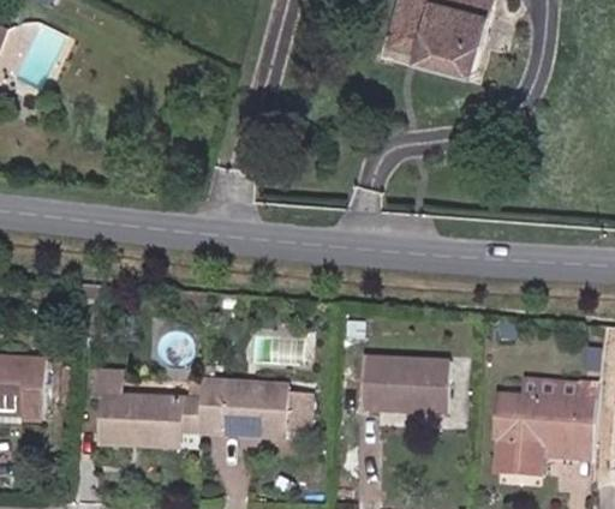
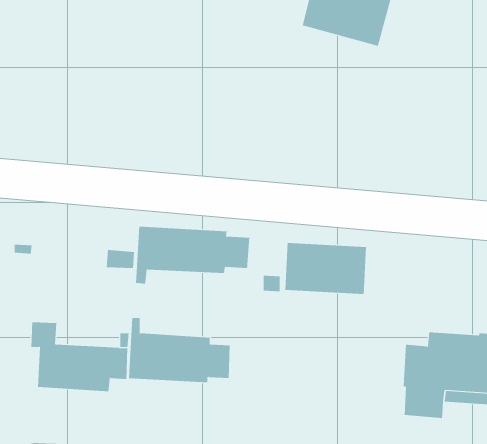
building: none -> [136,226,250,285]
building: [358,358,447,414] -> [285,242,367,295]

